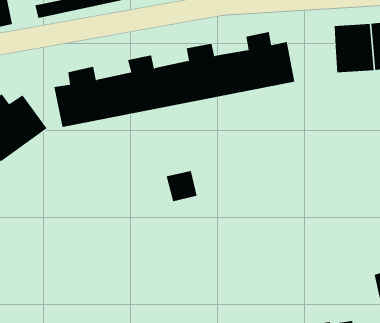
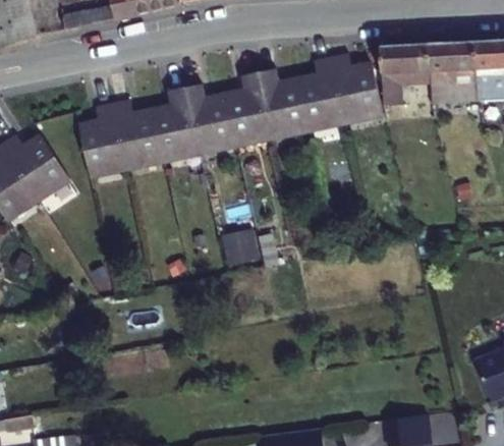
building: none -> [377,47,429,102]

